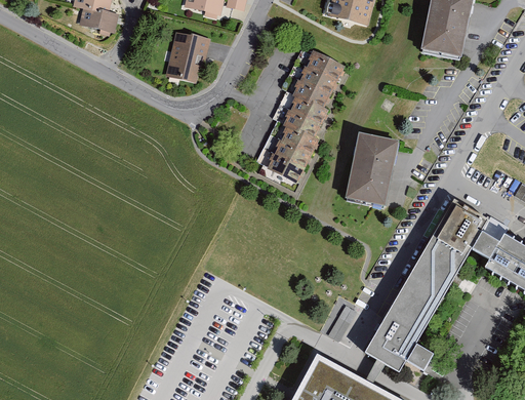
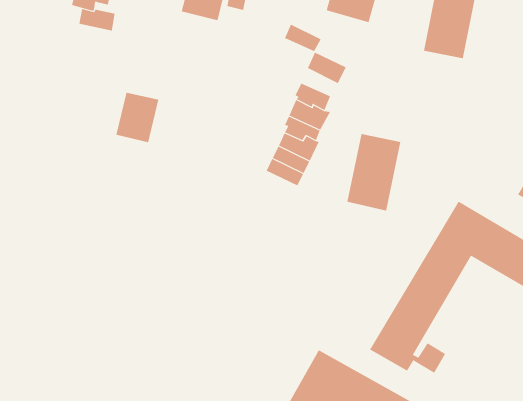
building: [164,30,207,80] -> [116,92,159,143]
building: [299,69,336,96] -> [284,24,322,52]

